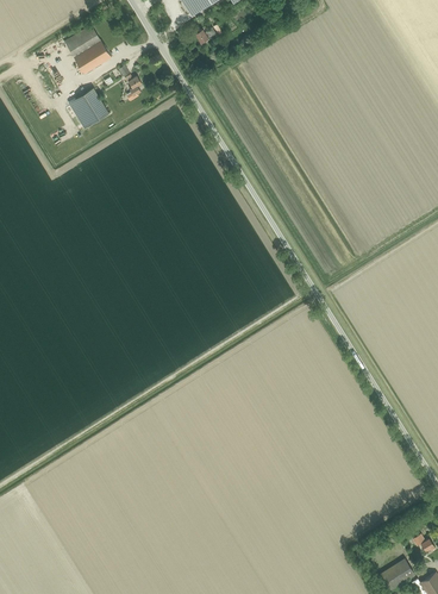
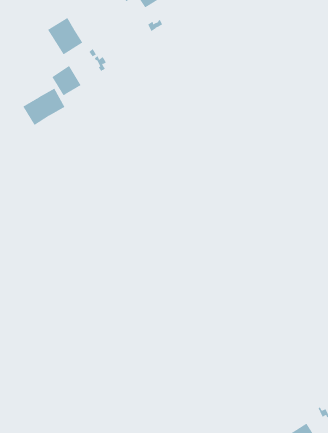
building: none -> [23,88,65,126]

